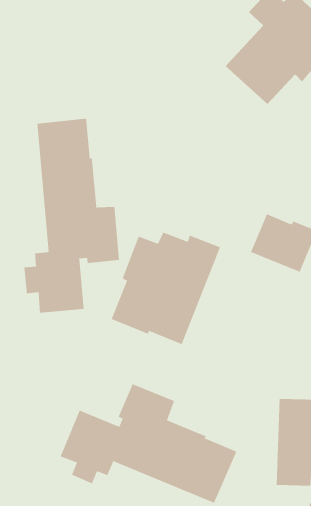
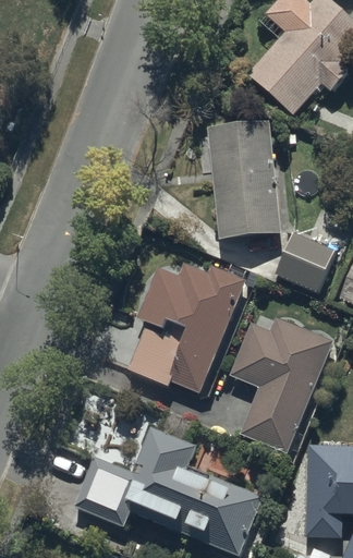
building: none -> [207,132,282,248]
building: [24,118,119,313] -> none
building: none -> [232,324,336,448]

